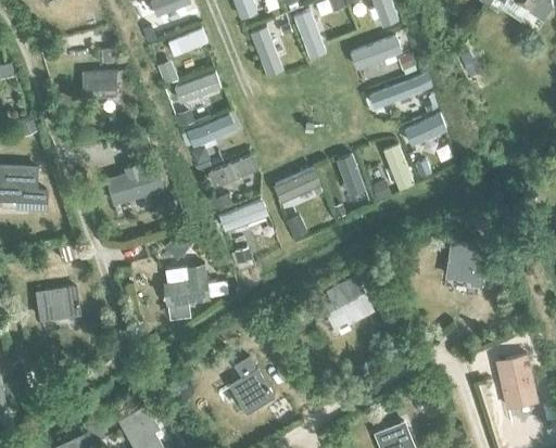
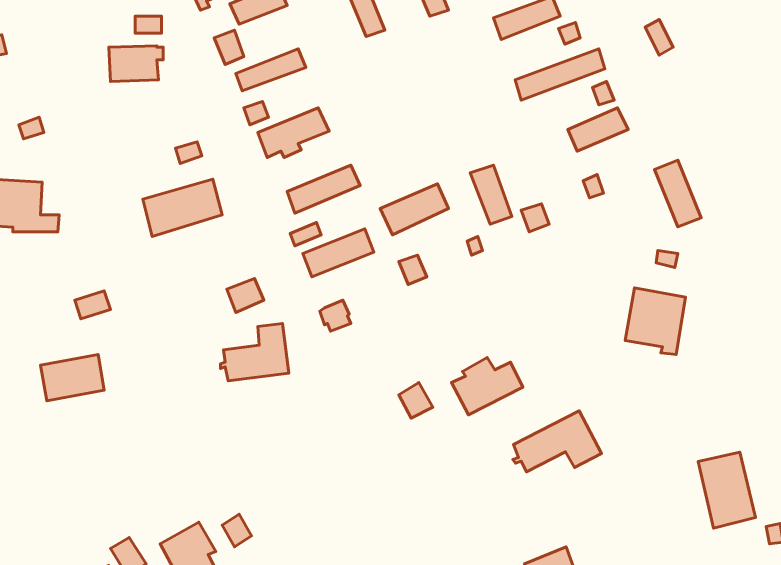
building: [383,144,416,191] -> [655,160,701,227]
building: none -> [513,411,602,472]
building: [228,358,270,412] -> none

